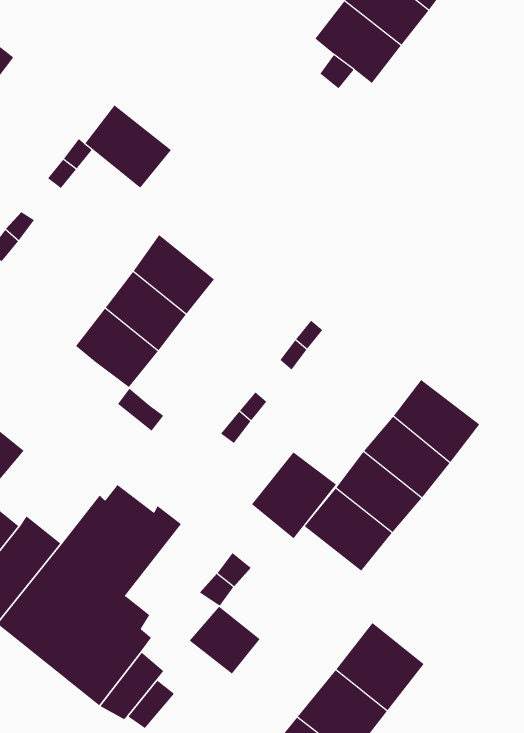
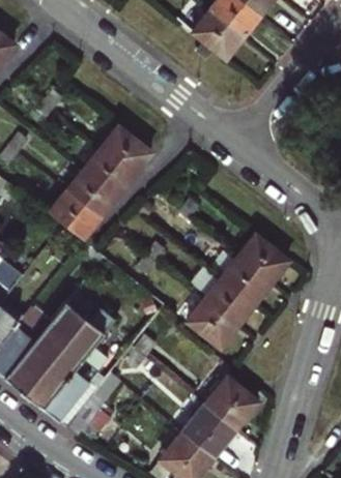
building: [84,105,172,189] -> [101,124,152,174]
building: [251,451,337,539] -> none
building: [189,606,260,675] -> none

